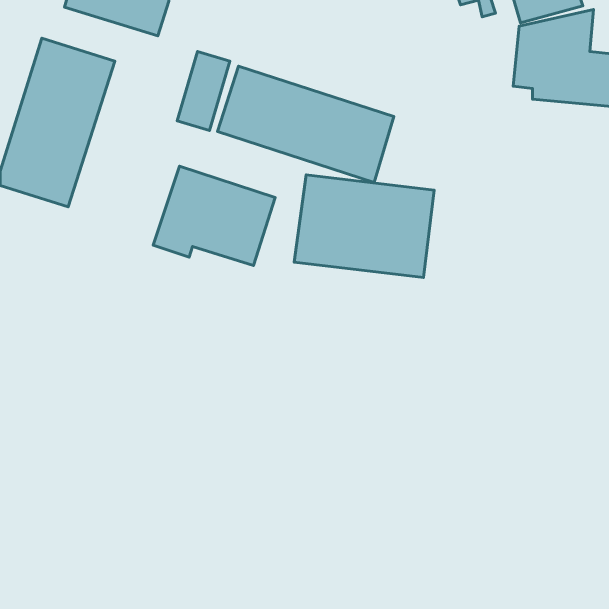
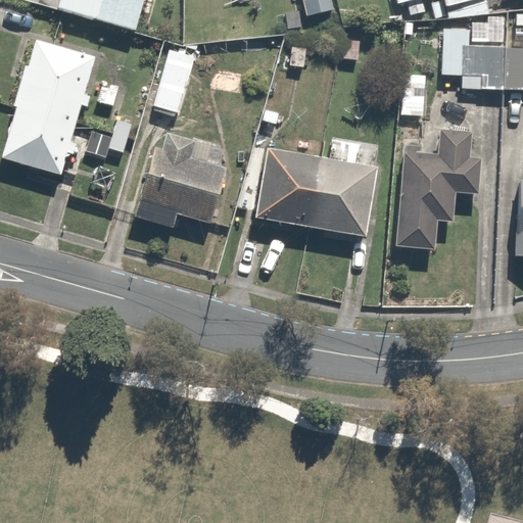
building: [217,66,394,182] -> none
building: none -> [399,128,478,250]

